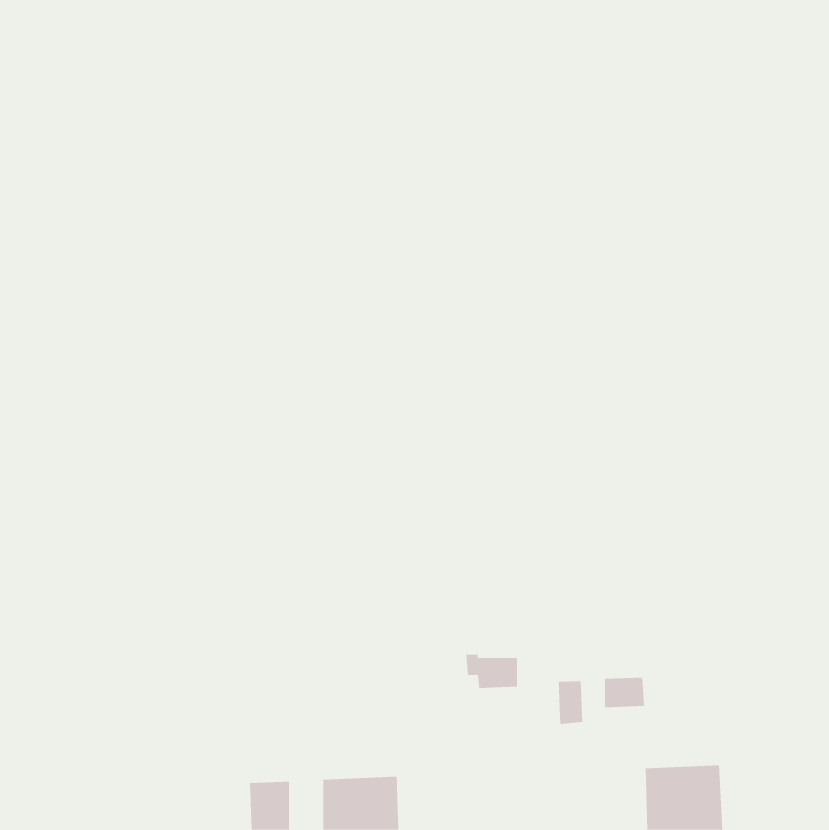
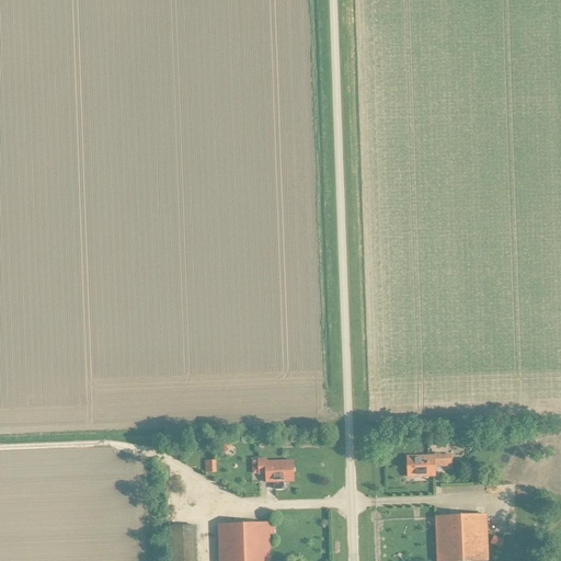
building: [466,654,518,688] -> [259,459,294,482]
building: [558,681,583,725] -> none

